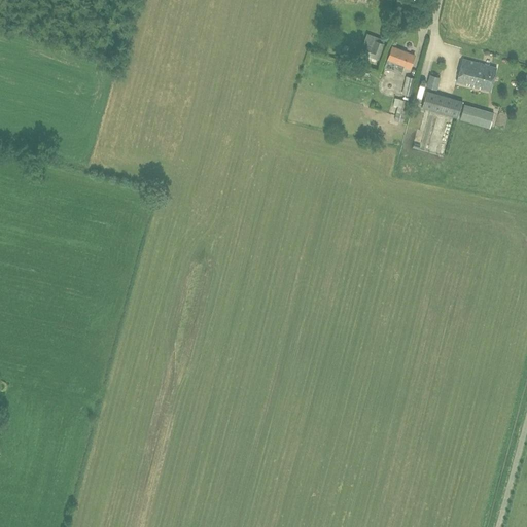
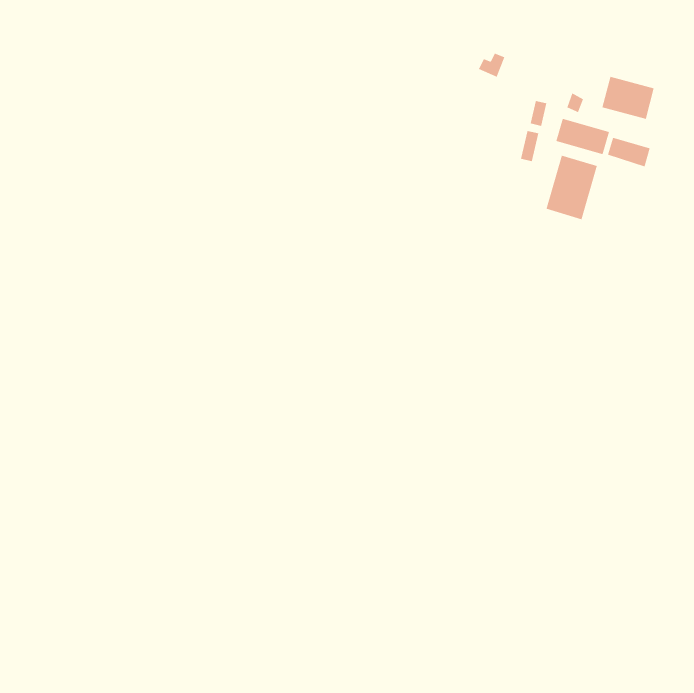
building: [384,46,415,73] -> none
building: none -> [546,155,597,220]

